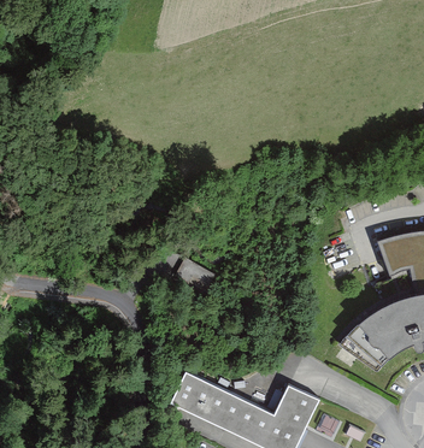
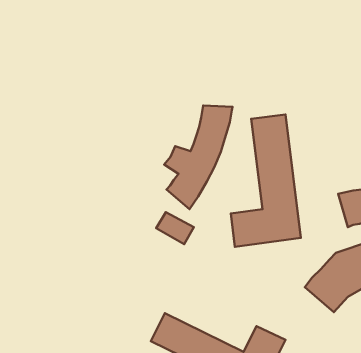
building: none -> [164,106,232,209]
building: none -> [231,114,301,247]

